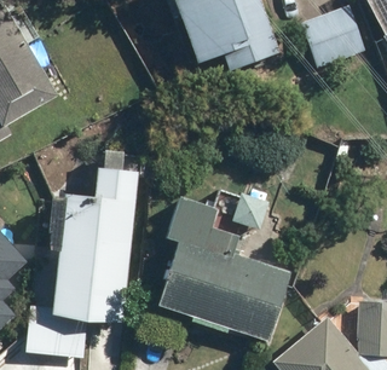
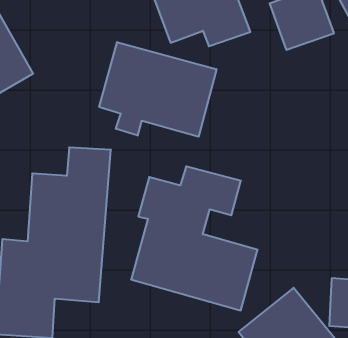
building: none -> [99,42,216,137]

